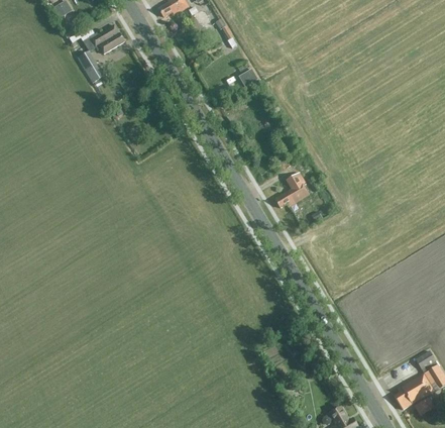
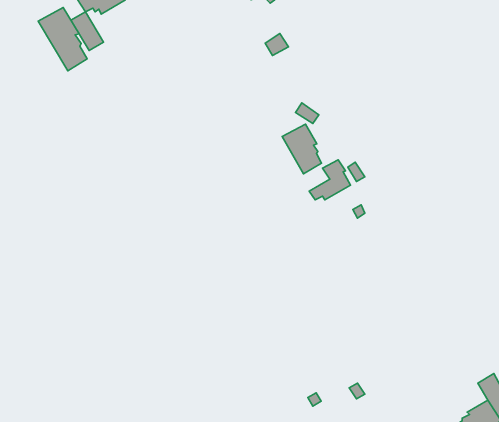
building: none -> [38,8,87,71]
building: none -> [282,124,322,174]

